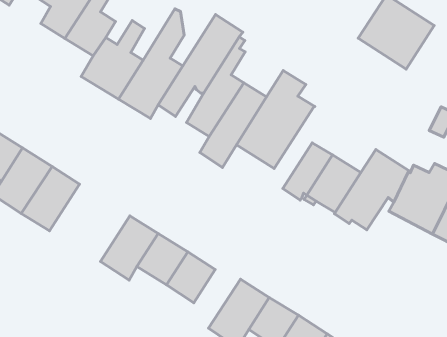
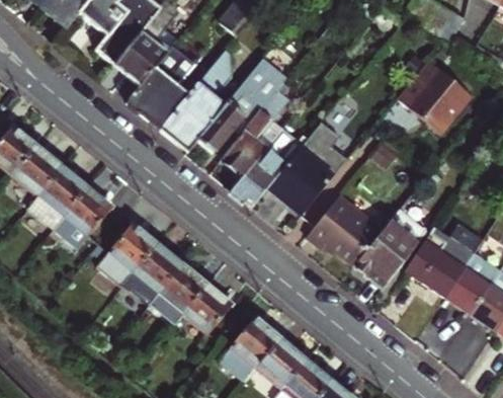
building: none -> [97,224,157,287]

